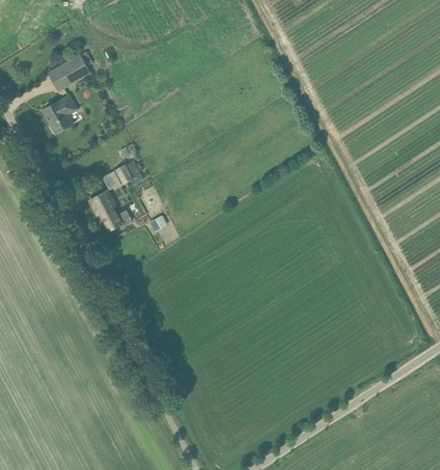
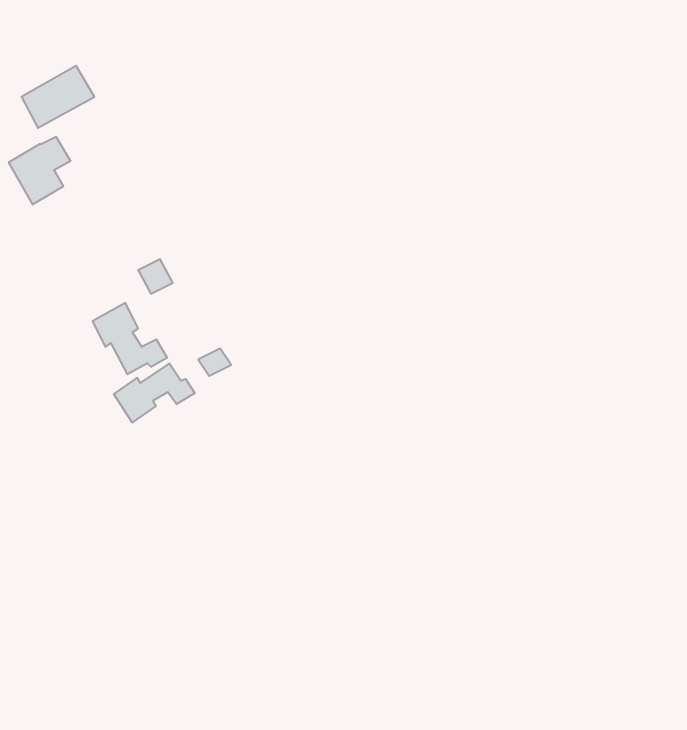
building: none -> [114,363,195,423]

